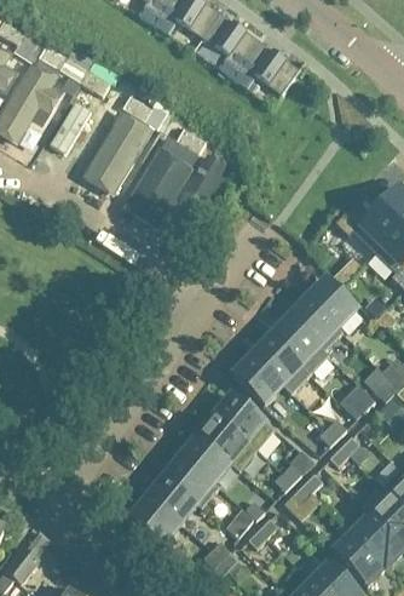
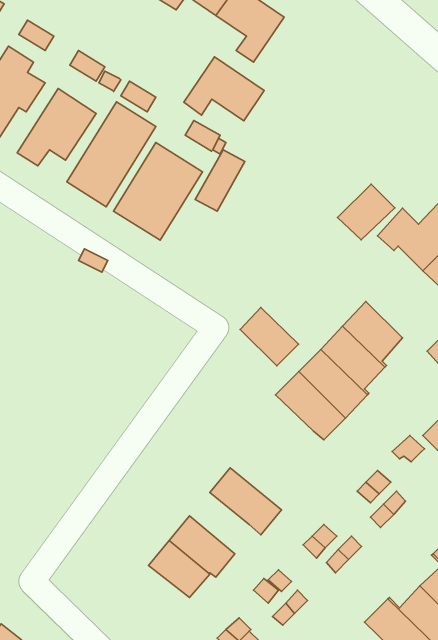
building: [233,40,300,93] -> [184,57,264,121]
building: none -> [338,184,395,240]
building: [235,354,283,402] -> [240,308,299,366]
building: [214,392,273,449] -> none
building: [180,435,230,486] -> none
building: [131,495,180,541] -> none

